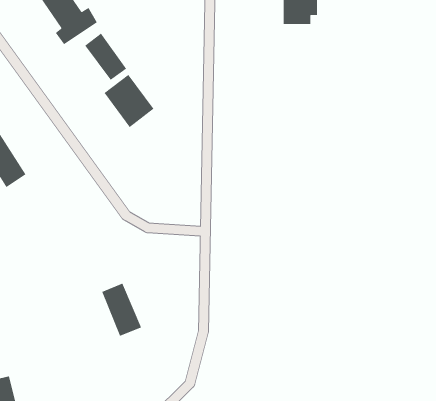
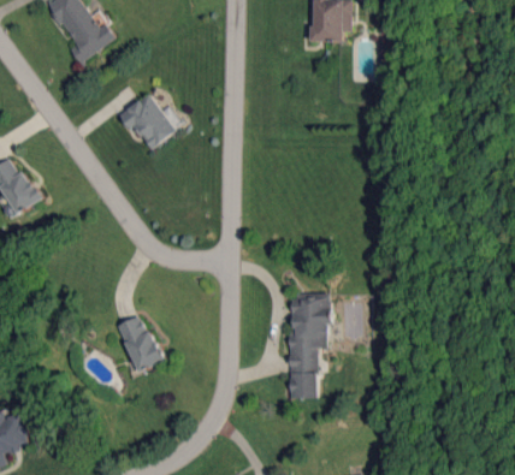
building: [84,33,127,81] -> none
building: none -> [288,293,330,398]

